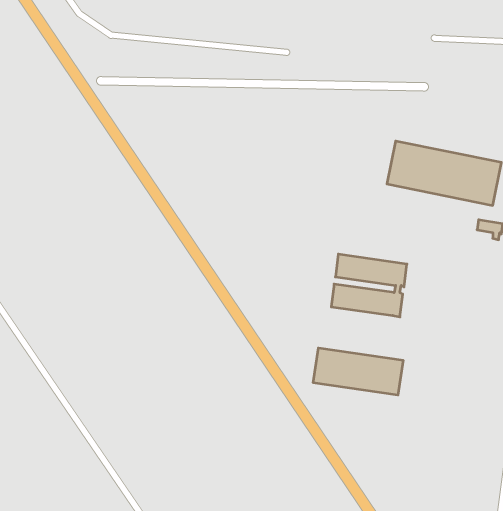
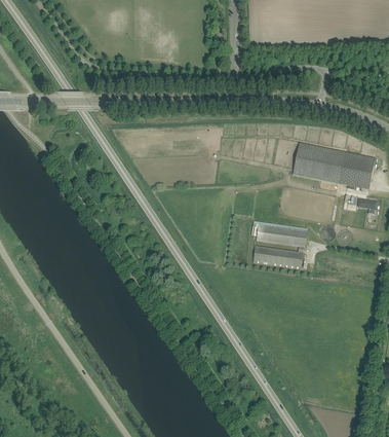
building: [313,348,403,395] -> none

